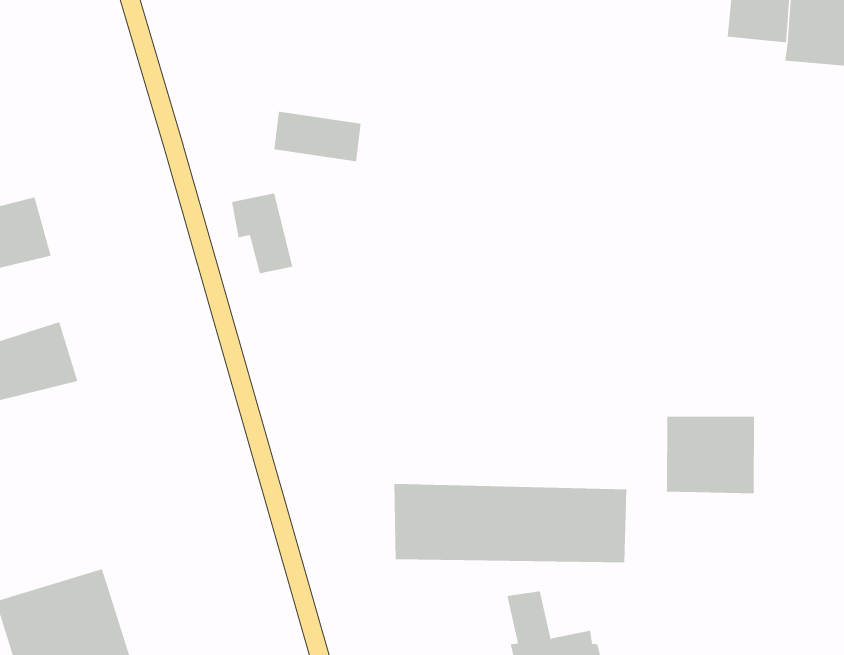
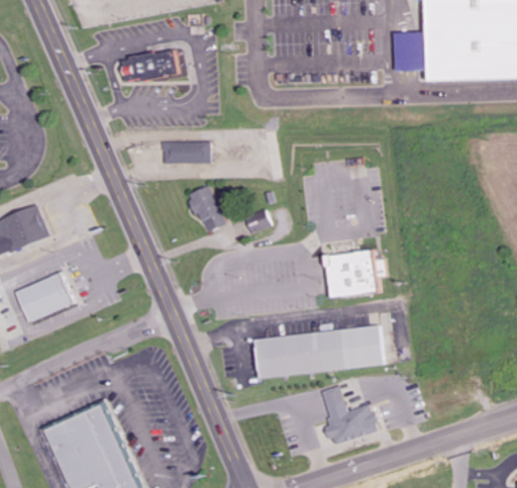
building: [231,193,293,274] -> [187,186,225,231]
building: none -> [245,210,272,234]
building: [666,416,755,494] -> [324,250,378,297]

